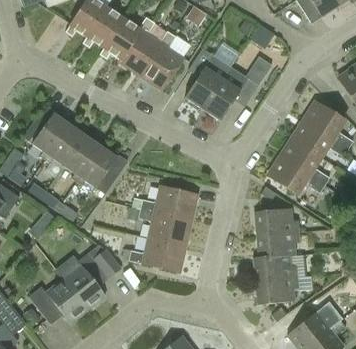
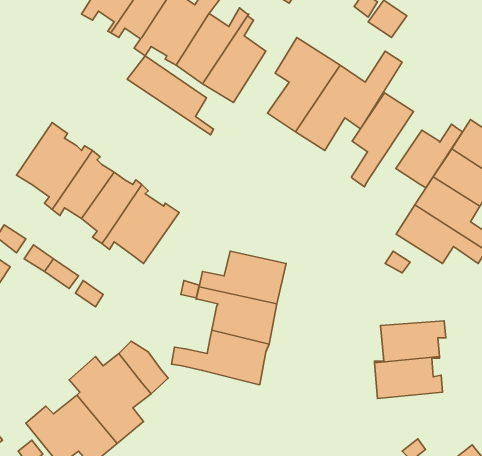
building: none -> [127,56,214,135]
building: none -> [352,93,414,187]
building: none -> [396,124,462,188]
building: [255,208,298,234] -> none
building: [255,277,298,305] -> none

